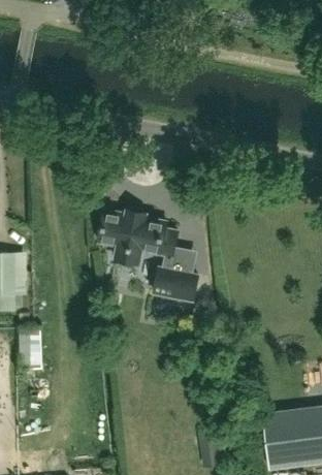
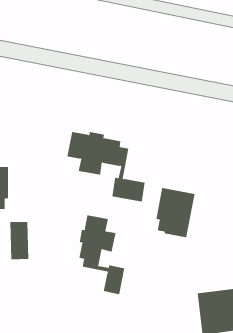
building: none -> [156,187,195,238]
building: none -> [79,215,125,295]

